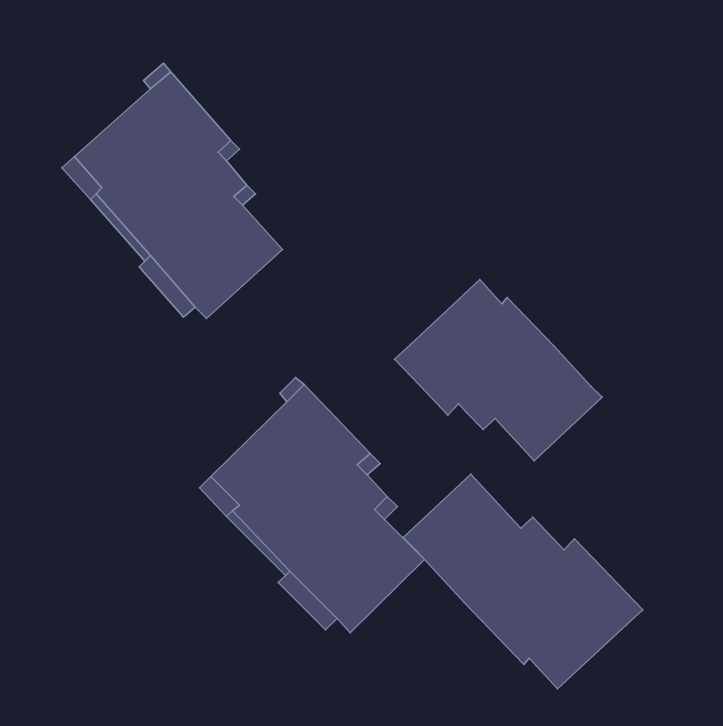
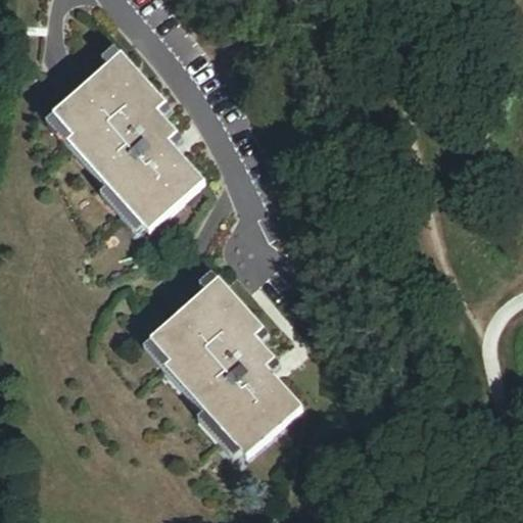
building: [394,279,602,461] -> none
building: [403,474,643,689] -> none

